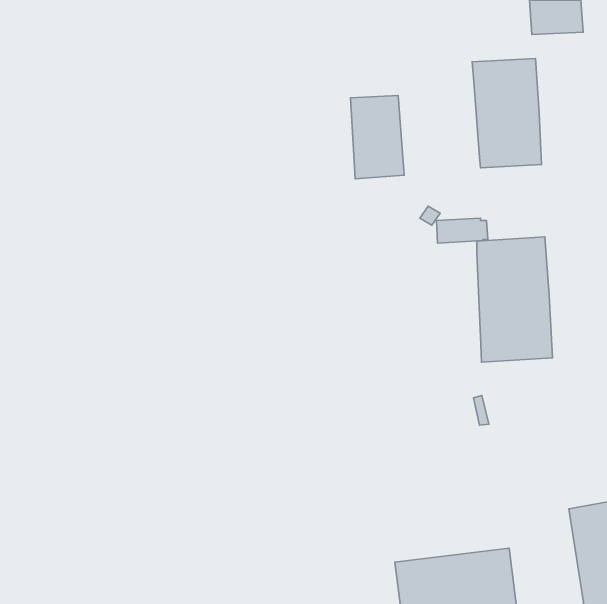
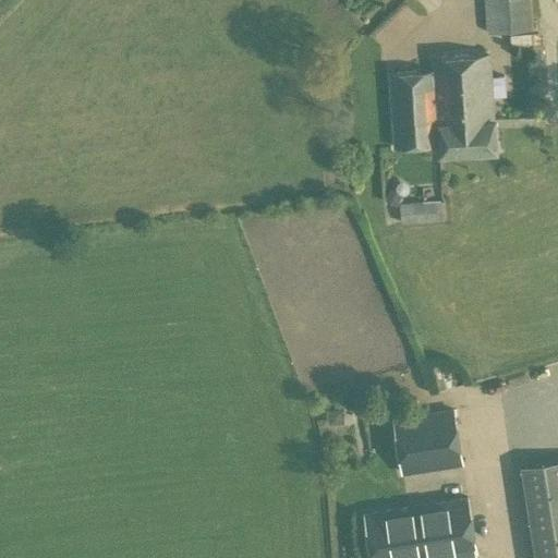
building: [350,95,404,179] -> [391,75,440,151]
building: [477,237,552,362] -> none
building: none -> [388,402,456,463]

